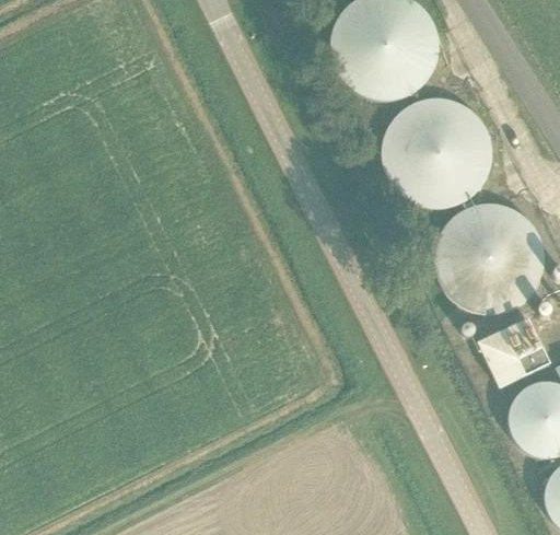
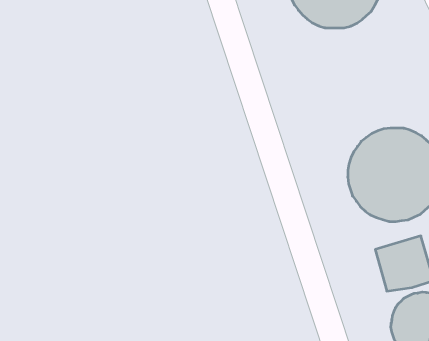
building: [382,96,492,208] -> none

